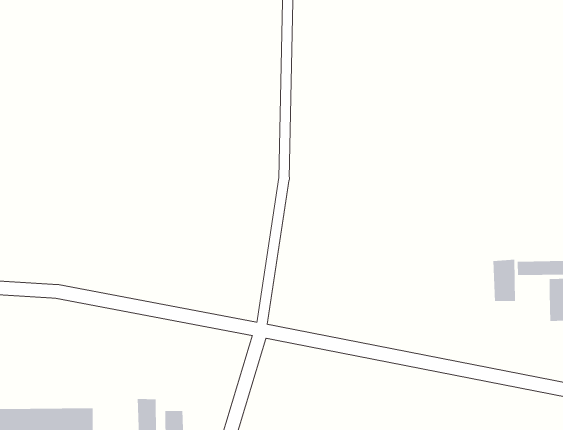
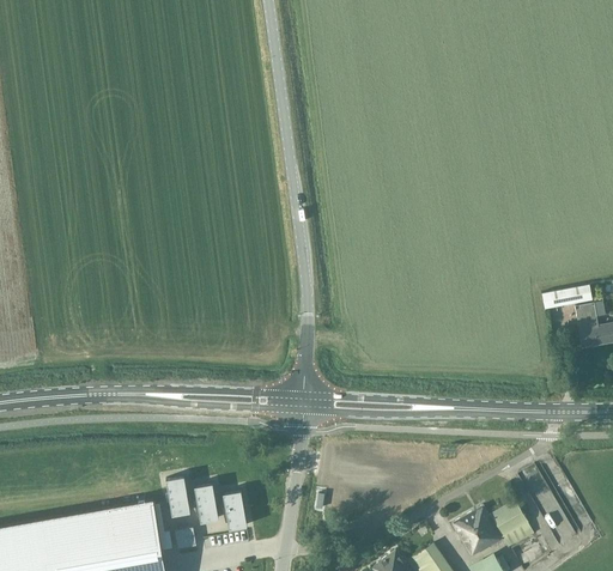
building: [493,259,516,302] -> none
building: none -> [166,476,190,516]

